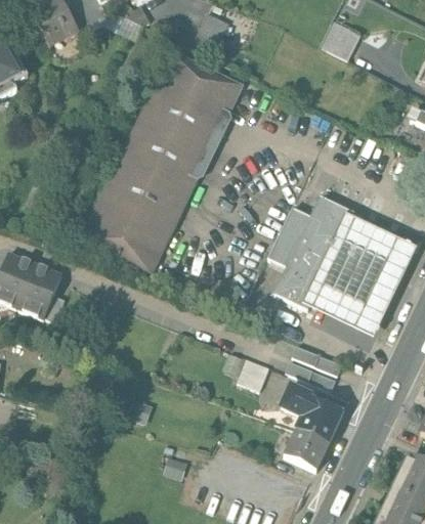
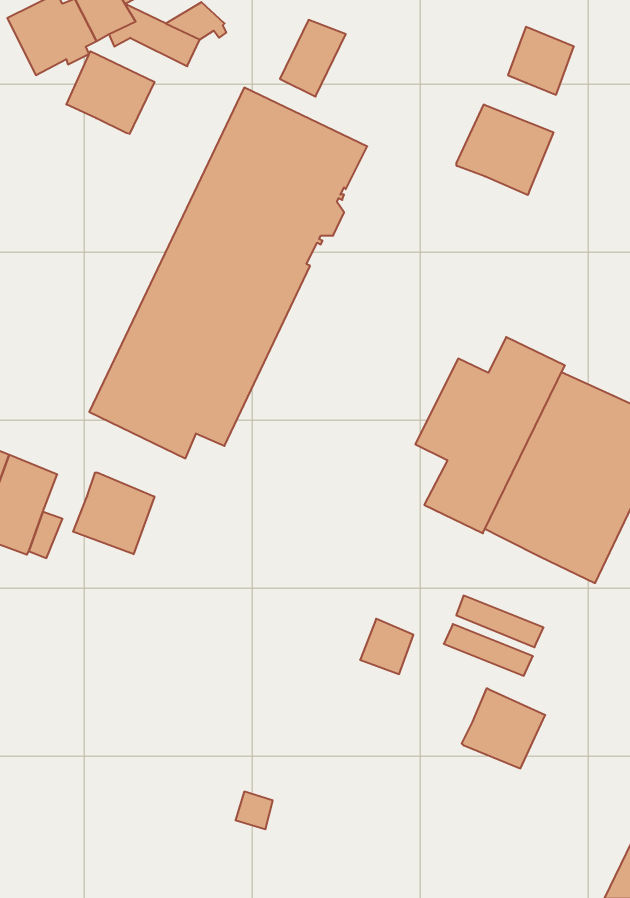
building: none -> [66,51,154,134]
building: none -> [457,104,553,195]
building: none -> [73,473,154,554]
building: [281,385,312,416] -> none
building: [285,429,329,468] -> none

